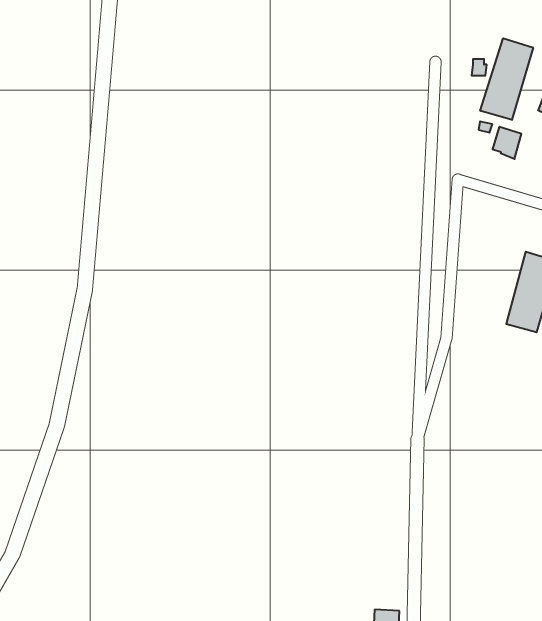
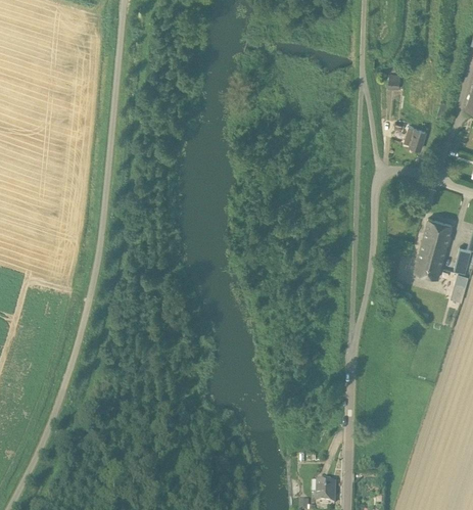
building: [480,38,533,120] -> none

